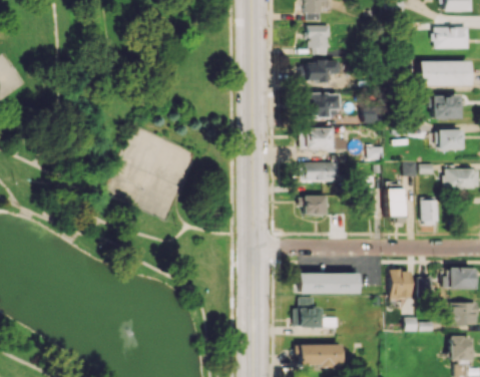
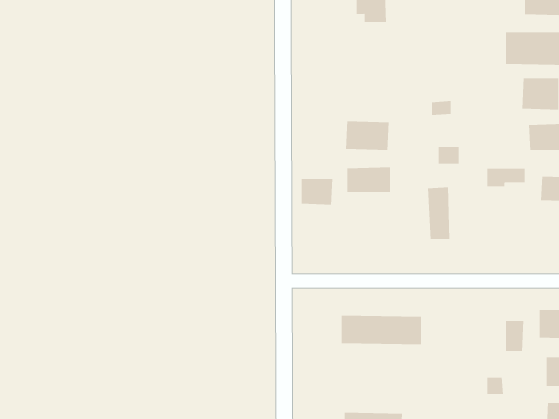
building: [303,60,343,82] -> none
building: [306,92,341,117] -> none
building: [387,188,405,223] -> none
building: [305,196,329,216] -> [301,178,333,205]
building: [422,200,439,224] -> none
building: [390,270,412,299] -> none
building: [295,297,323,328] -> none

